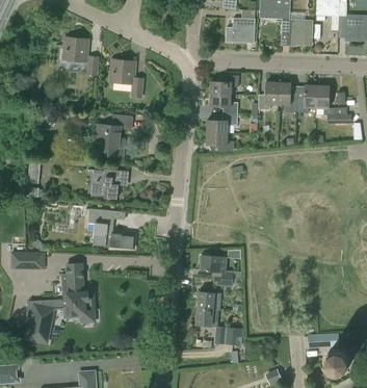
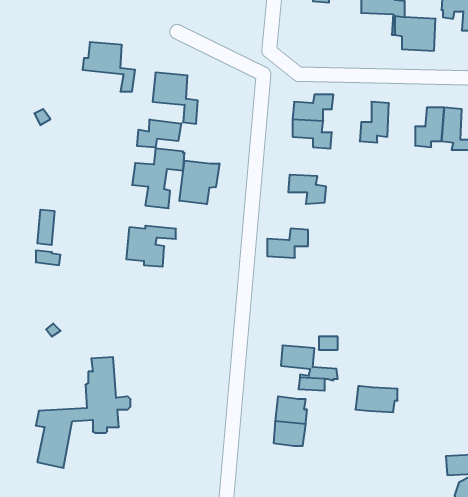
building: [226,17,255,42] -> none
building: [278,81,297,111] -> none
building: none -> [137,119,181,148]
building: [208,112,237,133] -> [267,229,308,258]
building: none -> [179,160,219,204]
building: [89,208,134,248] -> none
building: [11,251,45,268] -> none
building: [214,326,244,344] -> [355,386,398,412]

